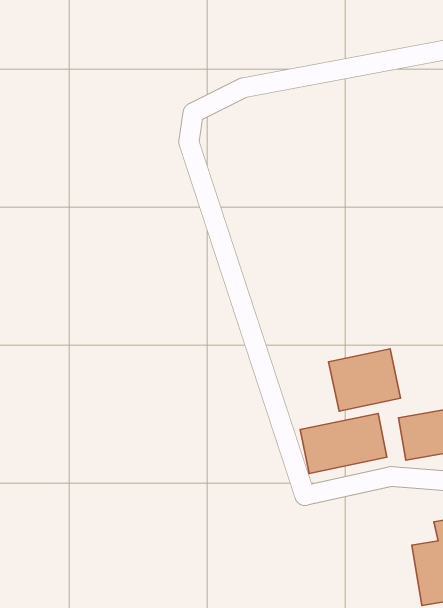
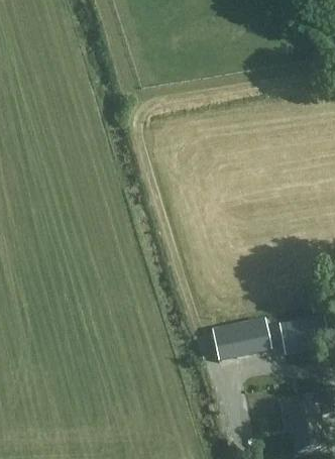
building: [329,349,401,411] -> none

